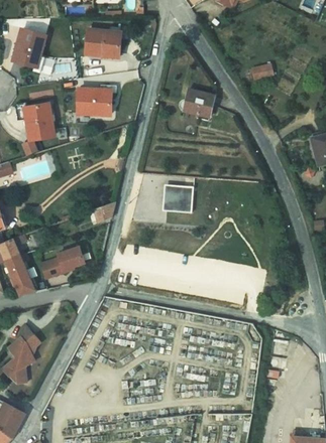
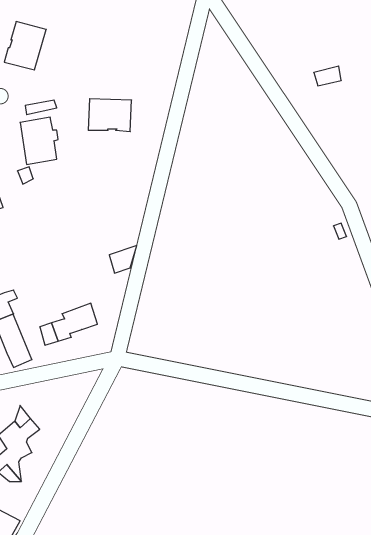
building: [86,29,121,56] -> none
building: [186,89,215,117] -> none
building: [162,184,194,213] -> none

